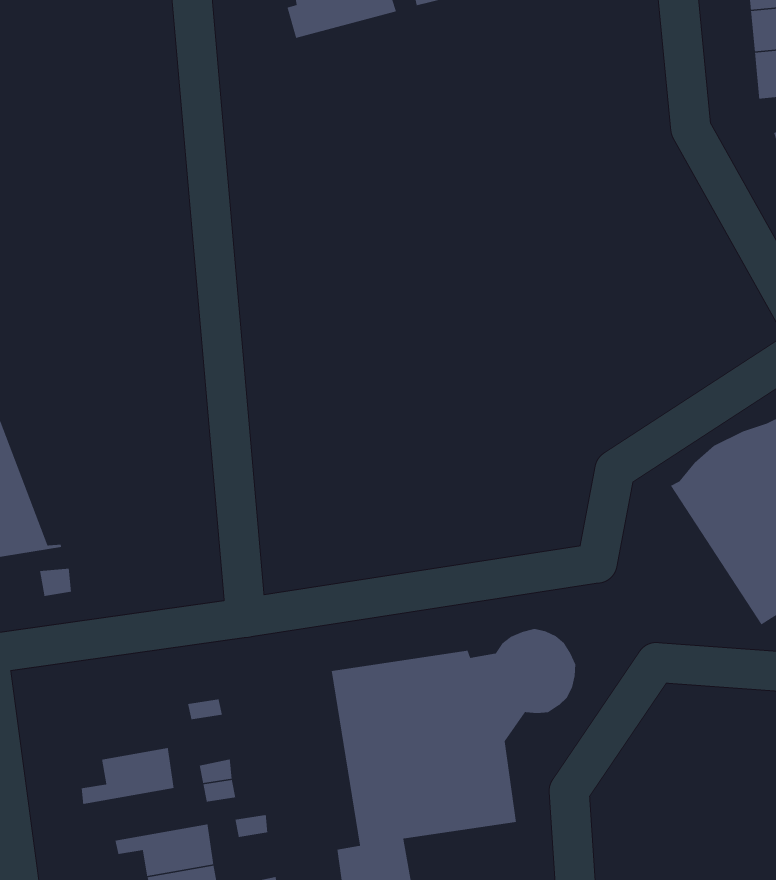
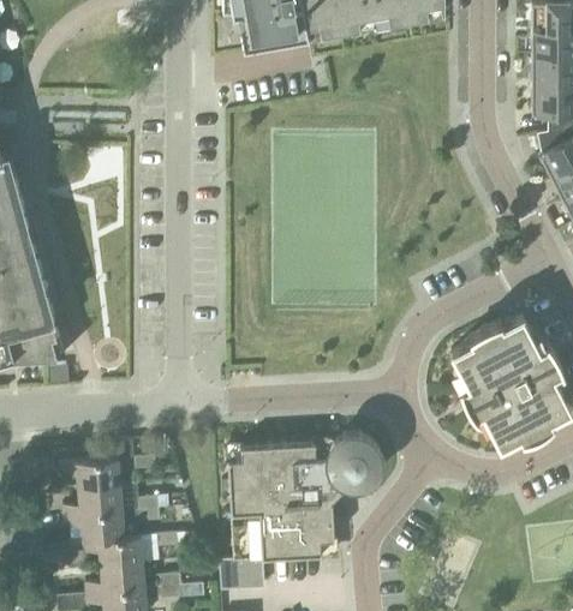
building: none -> [60,460,121,490]
building: none -> [64,513,142,541]

